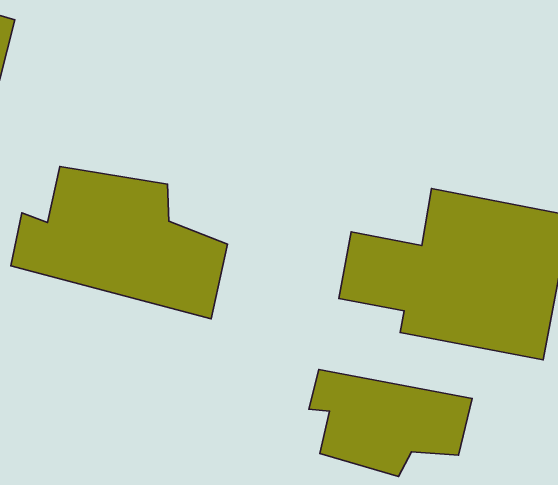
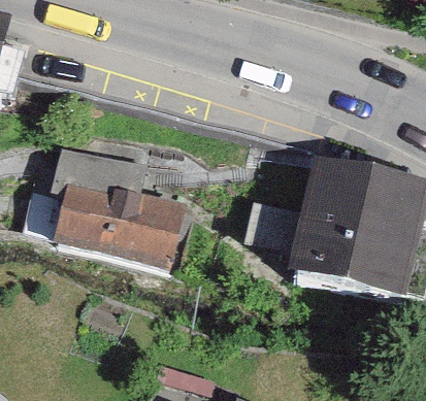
building: [309,369,472,477] -> none

